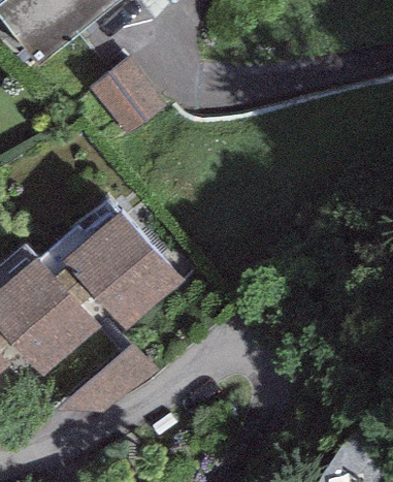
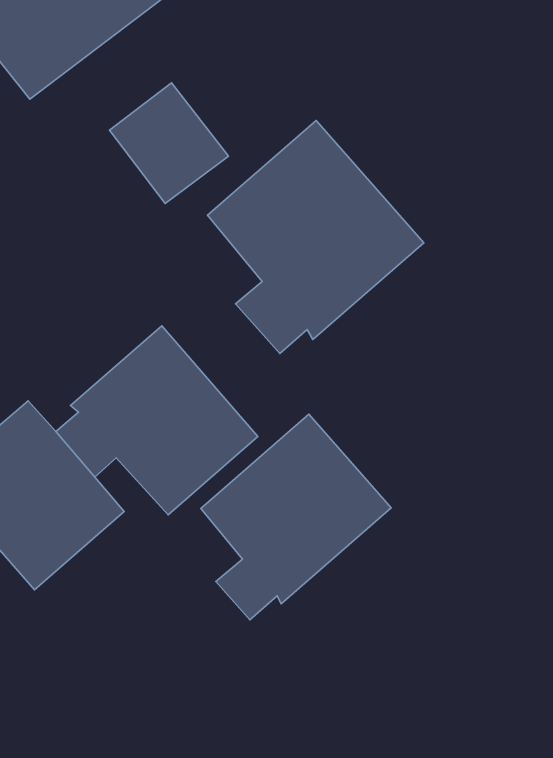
building: none -> [207,120,424,354]
building: none -> [201,414,391,620]

